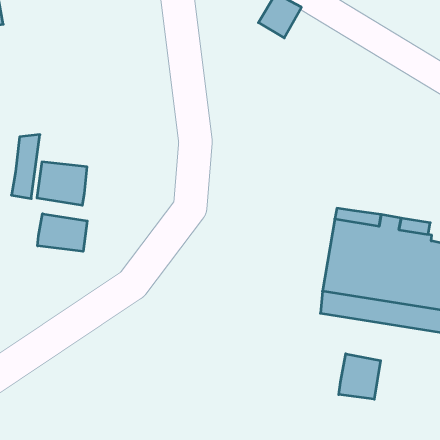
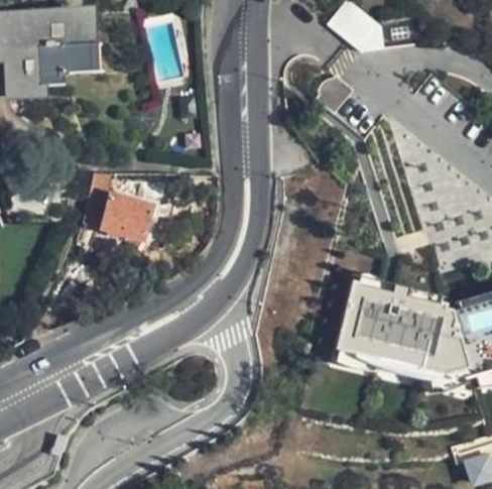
building: [38,214,87,251] -> none
building: [339,354,381,399] -> none

